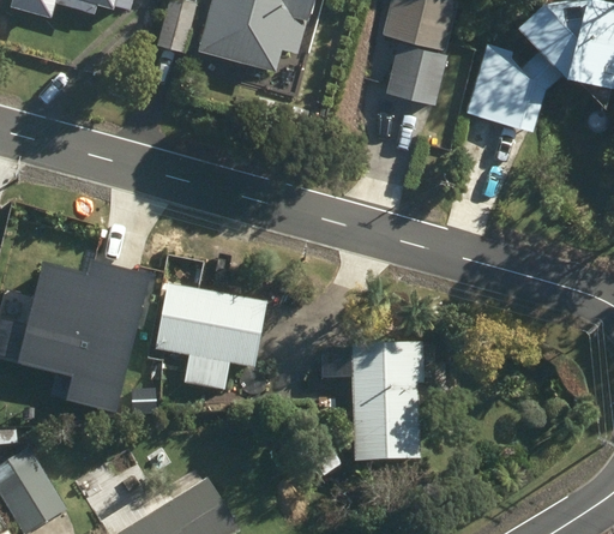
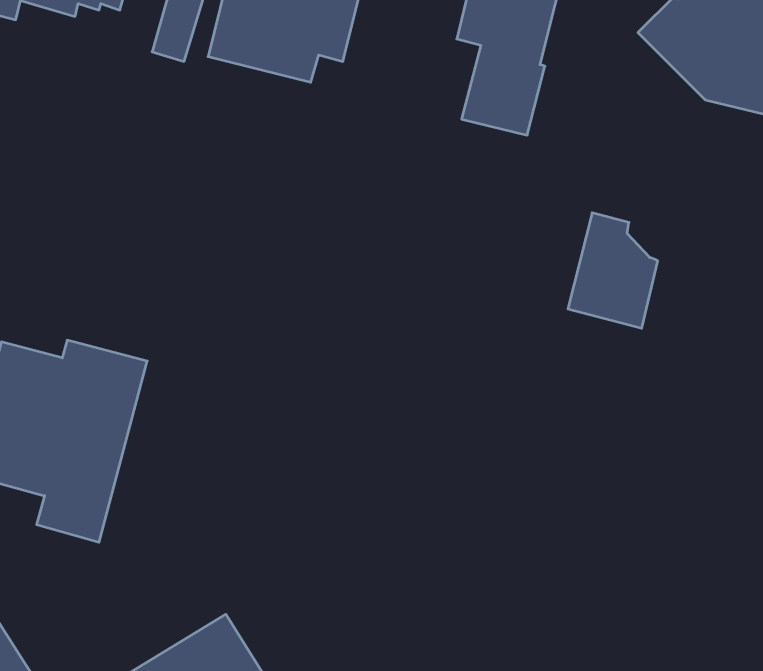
building: [468,42,535,128] -> [568,213,658,328]
building: [154,287,263,392] -> none
building: [351,346,421,464] -> none

